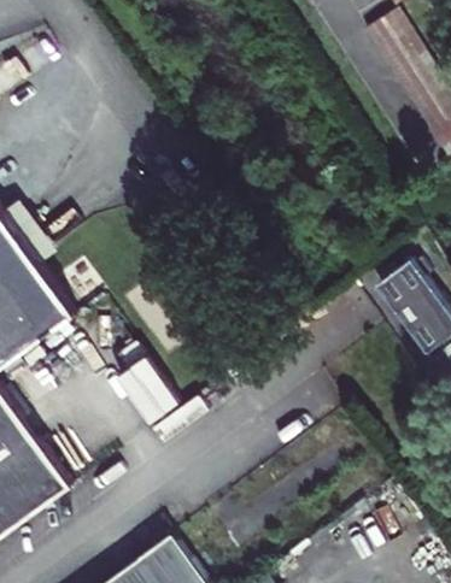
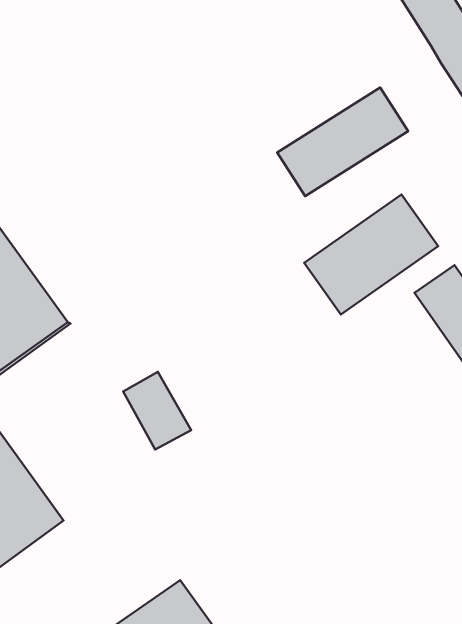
building: none -> [277,88,408,196]
building: none -> [304,195,438,315]

